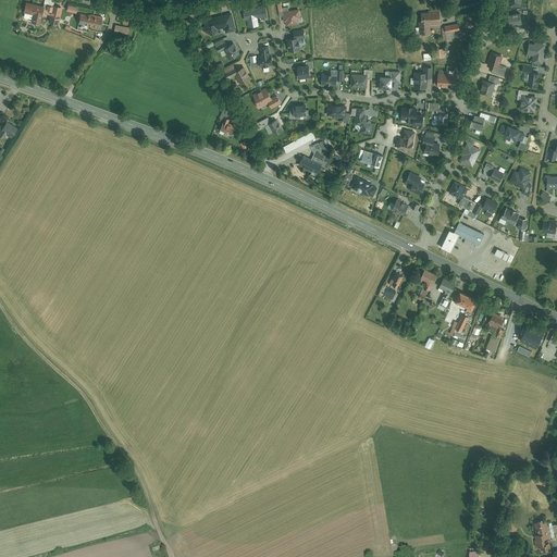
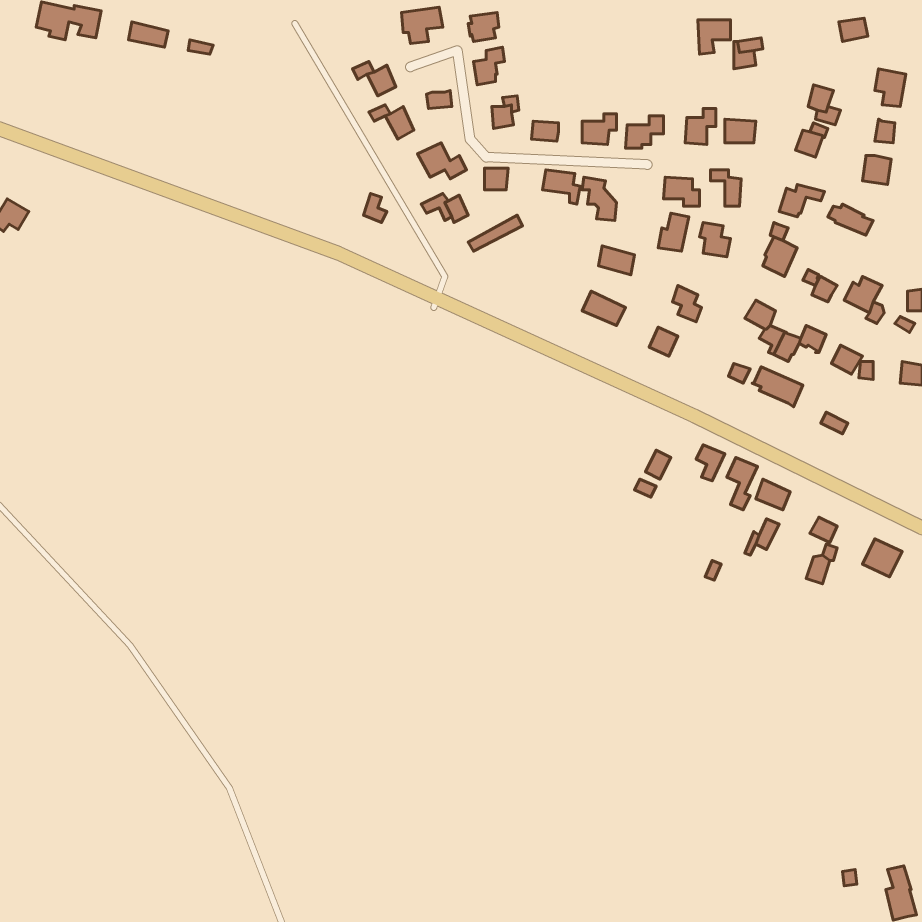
building: [201,12,235,36] -> none
building: [298,139,333,174] -> none

